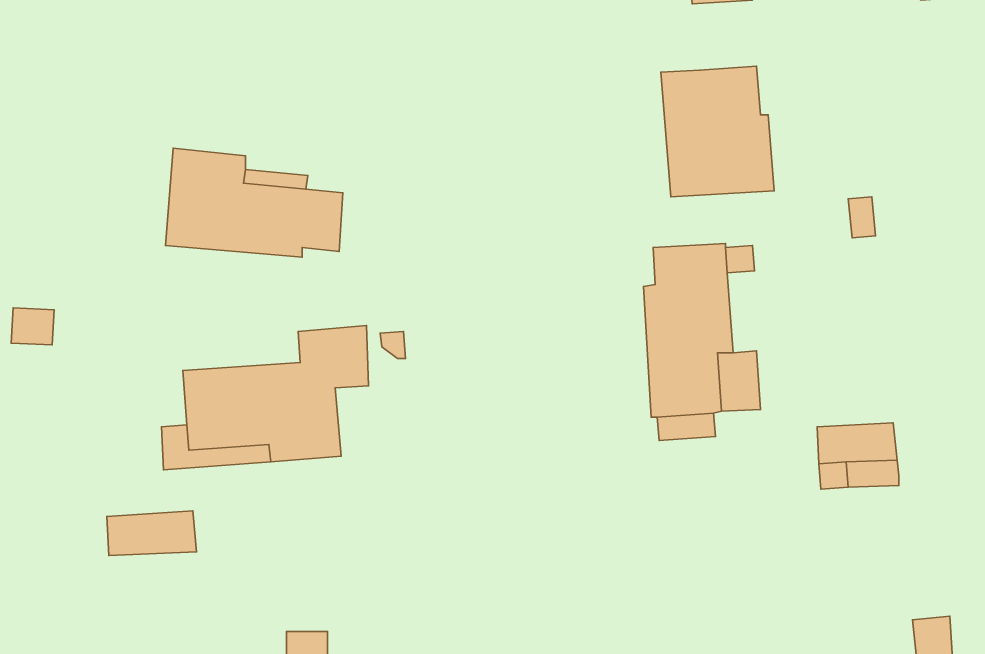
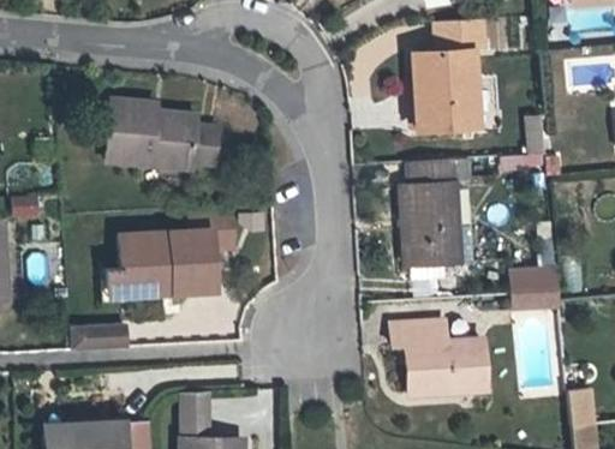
building: none -> [435,19,485,52]
building: none -> [393,321,486,394]

